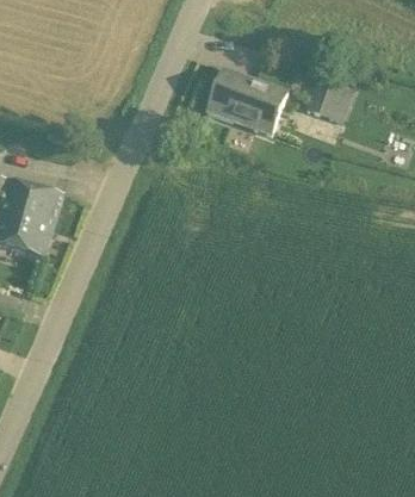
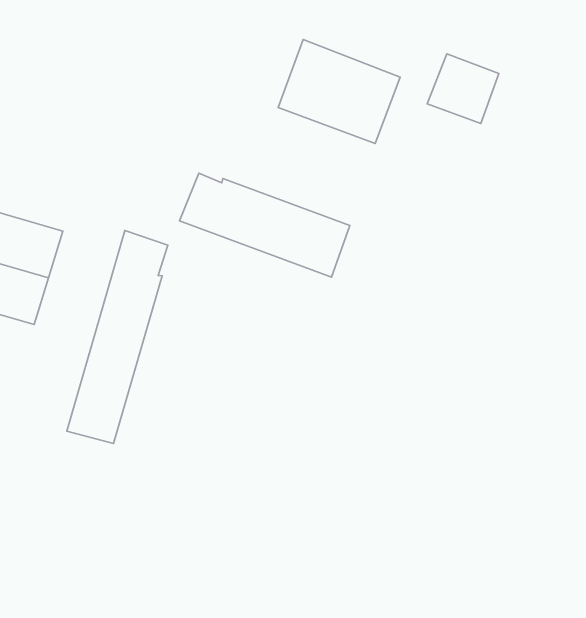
building: none -> [179,173,350,277]
building: none -> [67,231,168,444]

